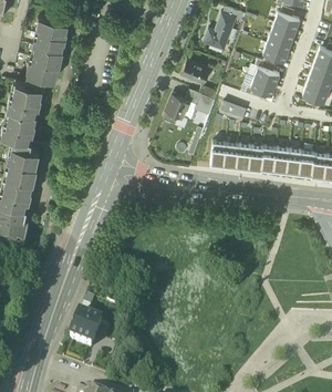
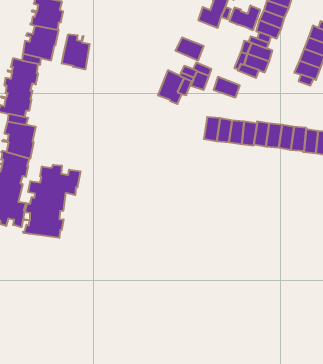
building: none -> [229,5,260,30]
building: none -> [62,34,89,69]
building: none -> [23,165,80,238]
building: [71,314,102,347] -> none

